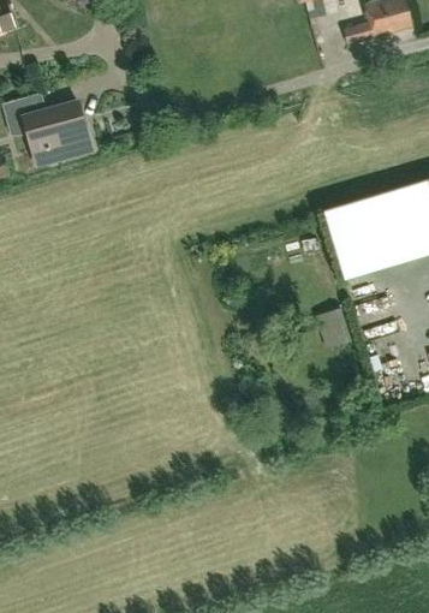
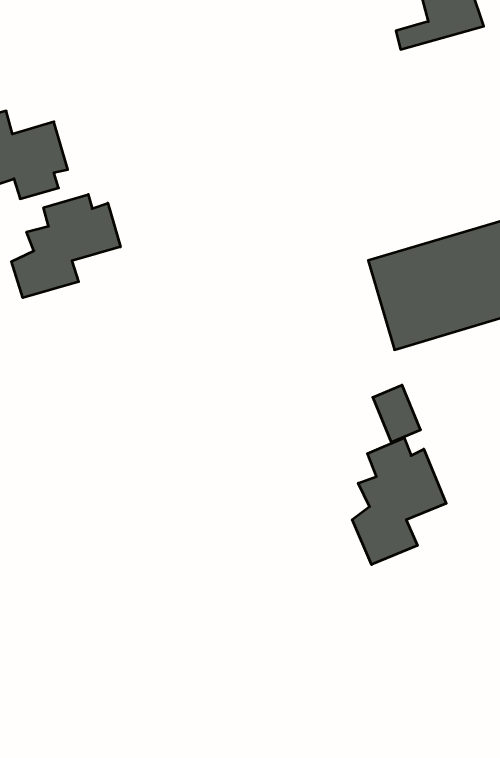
building: none -> [11,194,120,298]
building: none -> [352,438,446,565]

